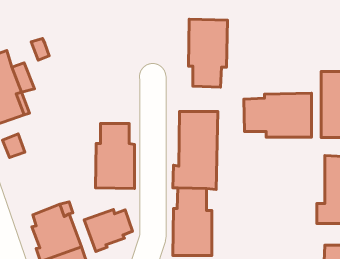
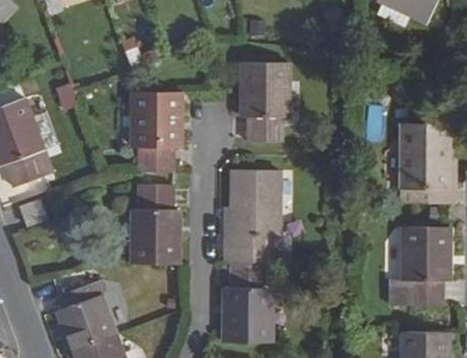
building: none -> [132,91,178,171]
building: [244,93,312,137] -> none
building: [84,209,132,252] -> none

